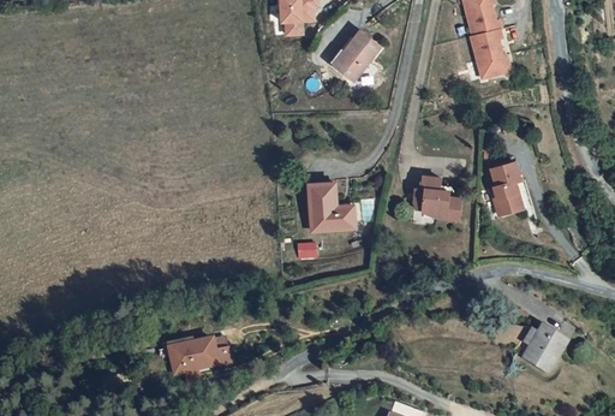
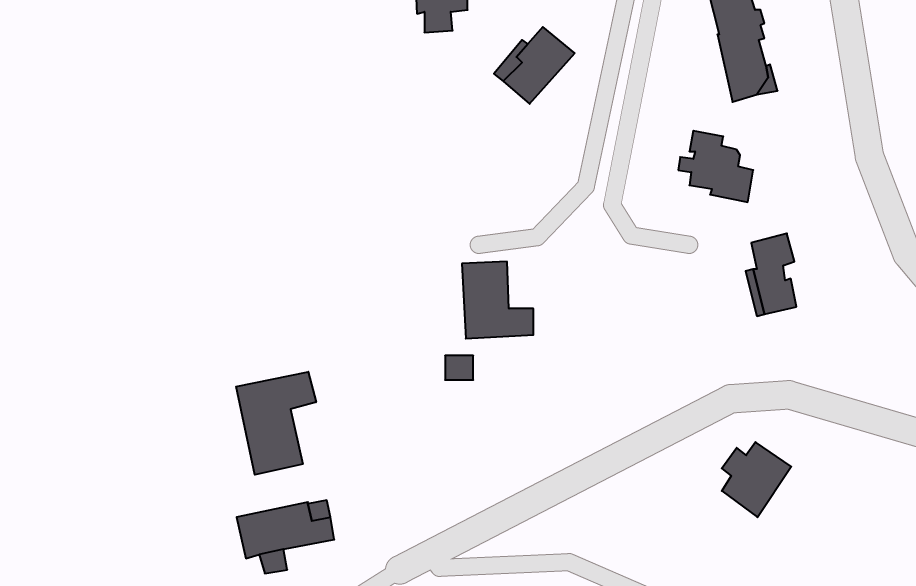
building: [412,176,460,221] -> [678,131,753,202]
building: none -> [236,372,316,475]
building: [524,310,568,358] -> [722,442,791,517]

